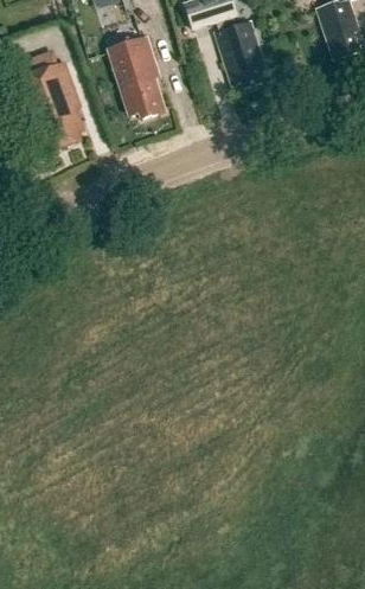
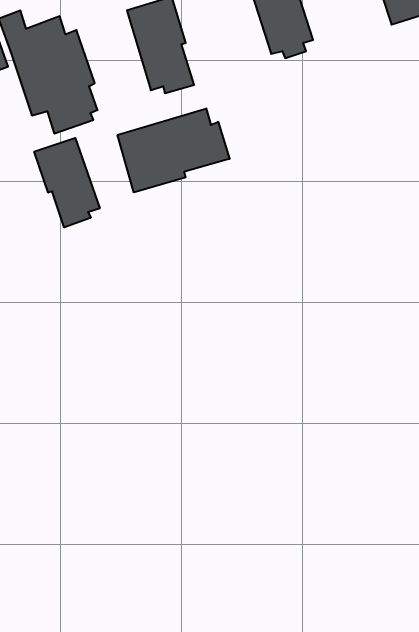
building: none -> [118,108,230,192]
building: none -> [34,138,100,227]

